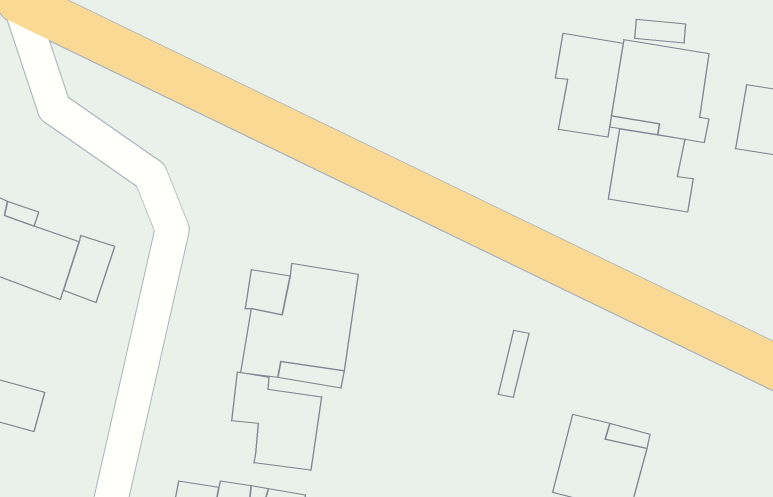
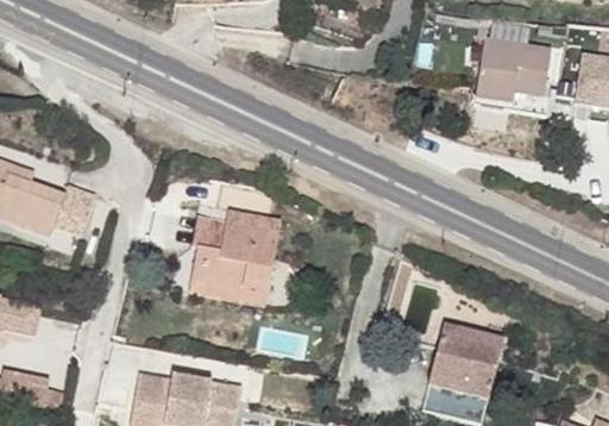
building: [555,33,623,137] -> none
building: [609,129,693,212] -> none
building: [232,372,321,470] -> none

